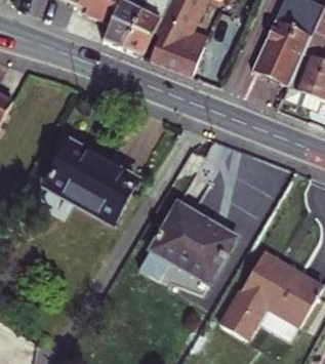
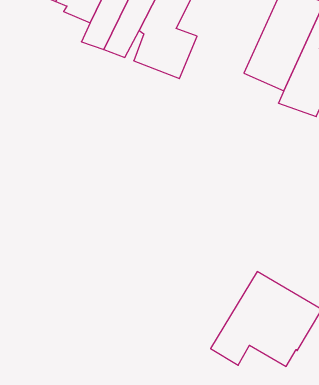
building: [47,144,136,221] -> none
building: [139,202,237,284] -> none

